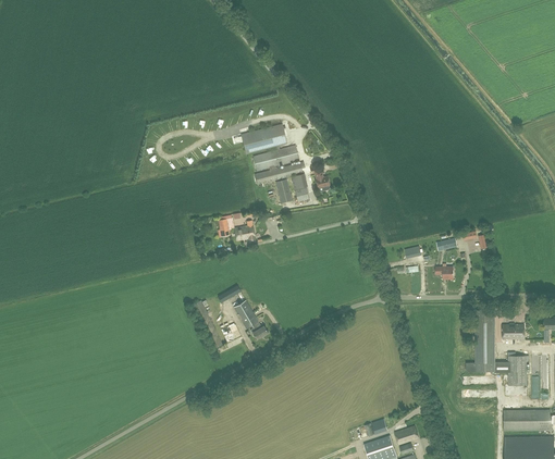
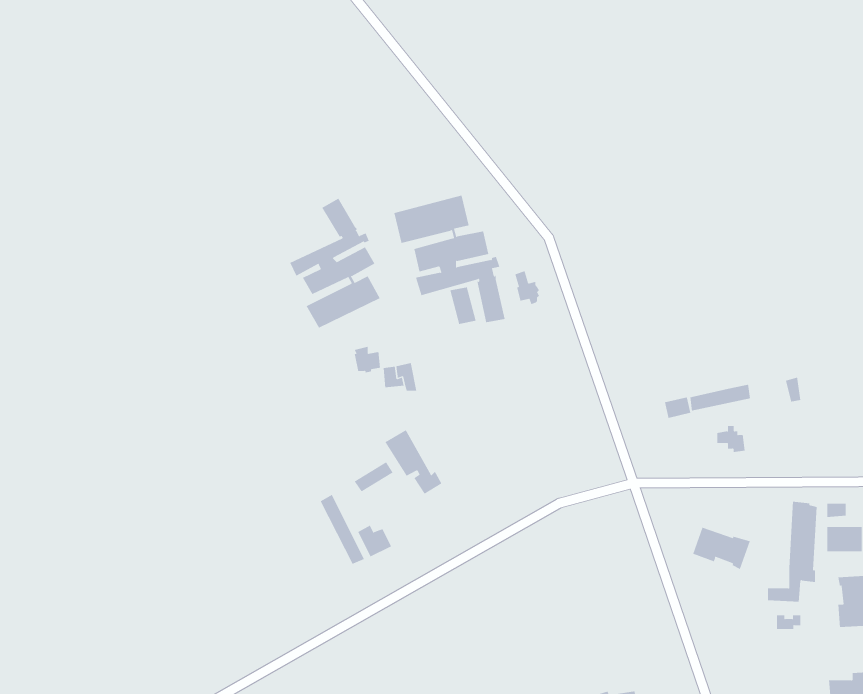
building: none -> [289,198,381,328]
building: [232,299,267,338] -> [385,429,442,494]
building: none -> [692,527,750,570]

